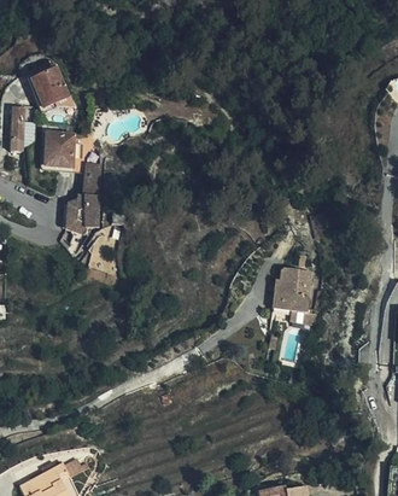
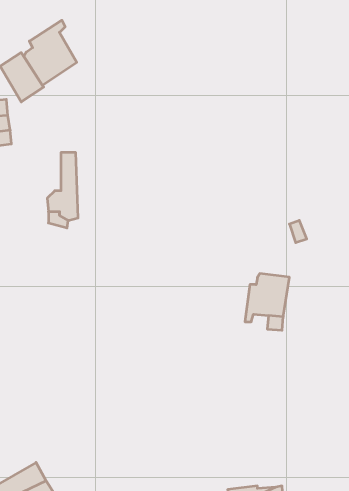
building: none -> [24,20,77,86]
building: [47,134,88,167] -> none

